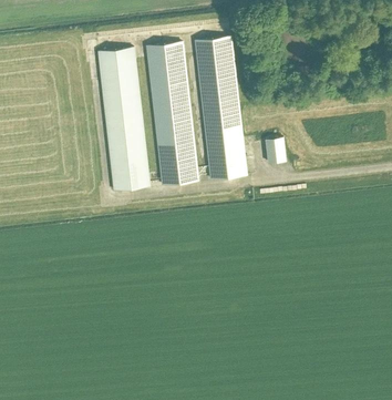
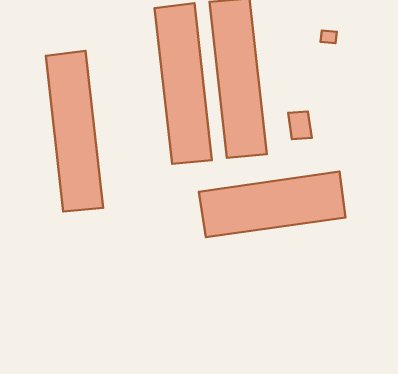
building: [97,47,148,189] -> [46,51,103,211]
building: none -> [199,172,345,237]

